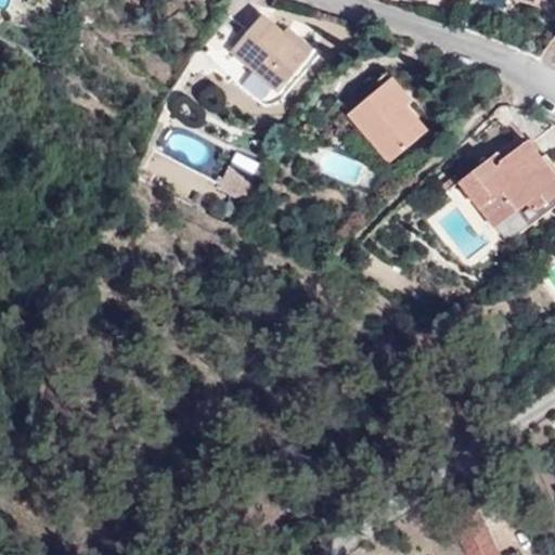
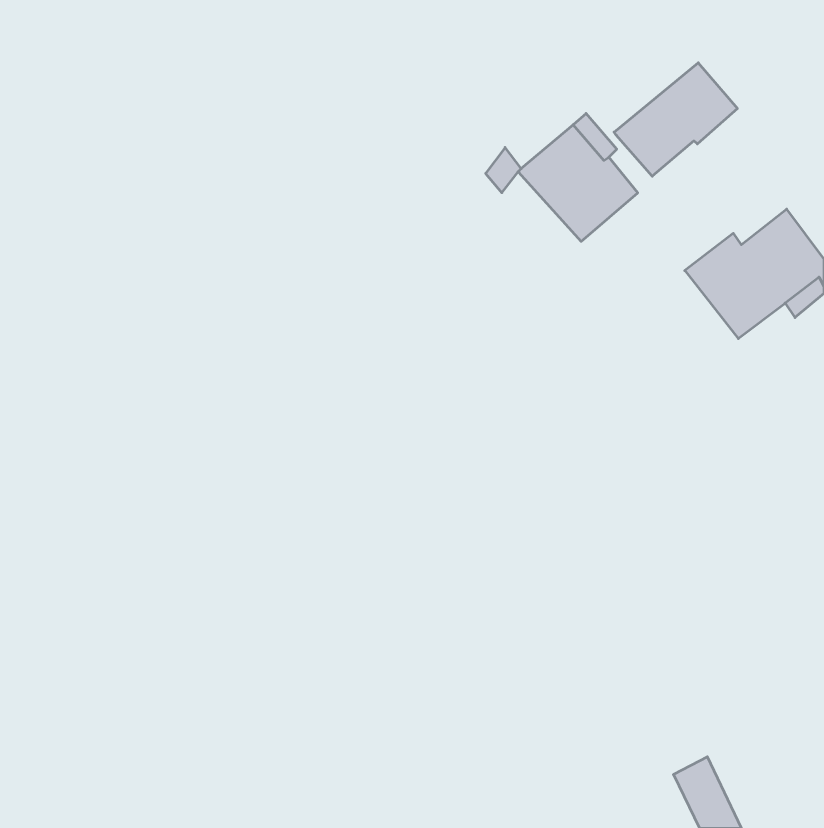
building: [231,15,312,92] -> none
building: none -> [614,63,737,176]

